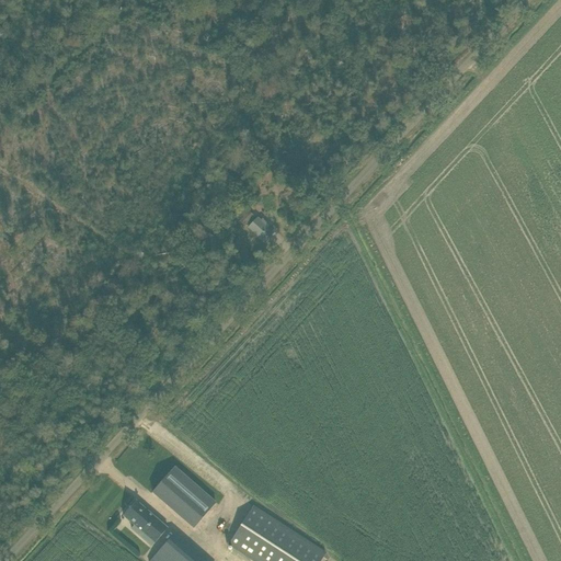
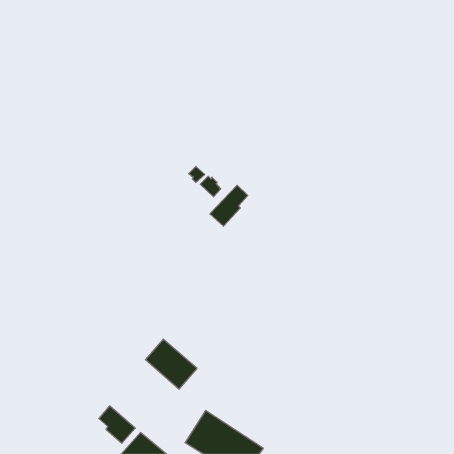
building: none -> [210,185,248,226]
building: [157,469,220,530] -> [145,339,197,389]

